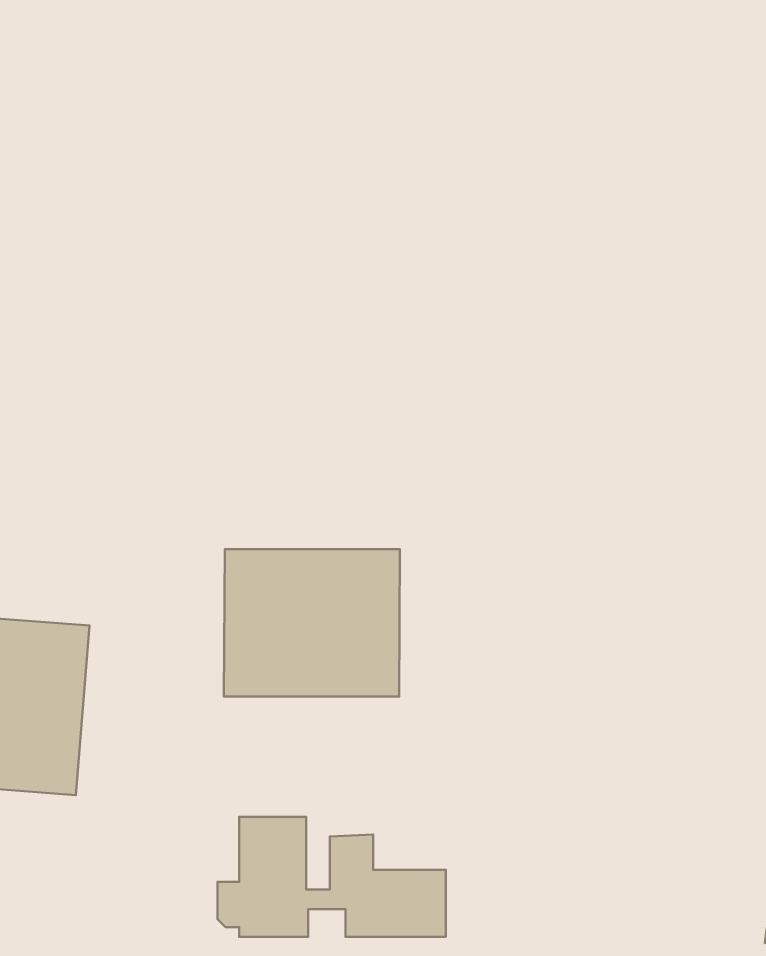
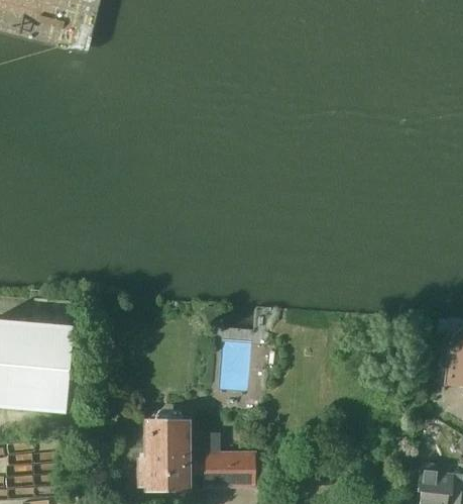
building: [224,549,400,696] -> none

